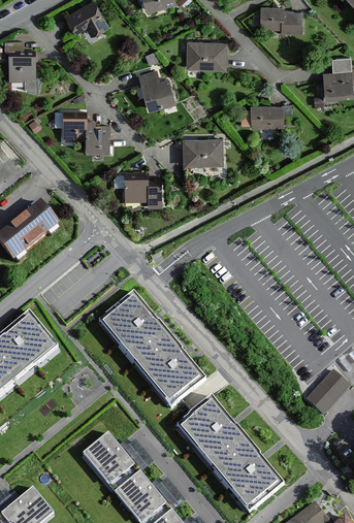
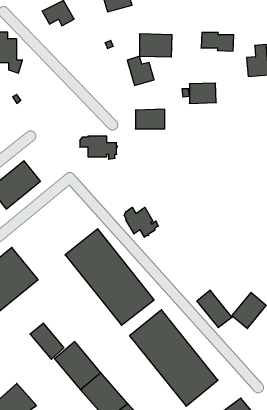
building: [259,7,300,31] -> [201,32,234,51]
building: [138,70,172,107] -> [127,56,154,85]
building: [61,111,107,151] -> none
building: none -> [124,207,158,237]
building: none -> [197,290,232,328]
building: none -> [30,323,64,359]

